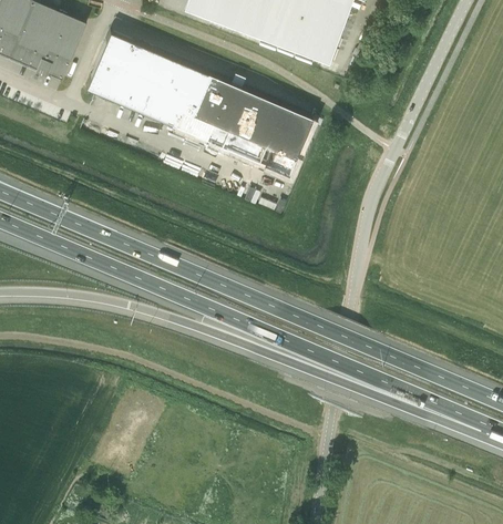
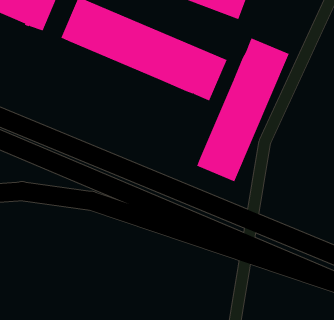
building: none -> [196,38,289,182]

